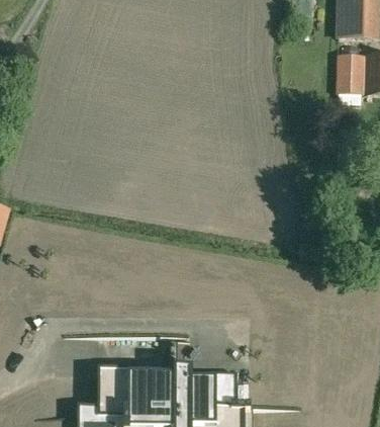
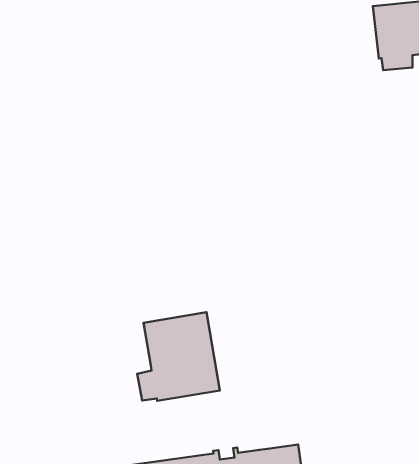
building: none -> [137,312,220,401]

